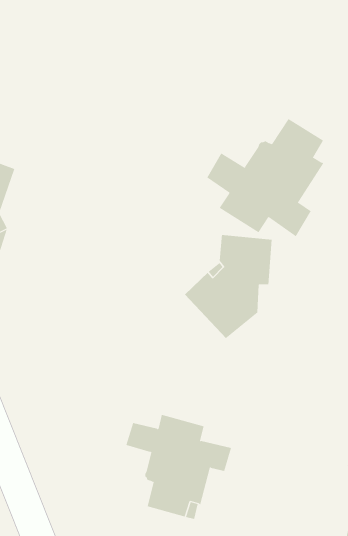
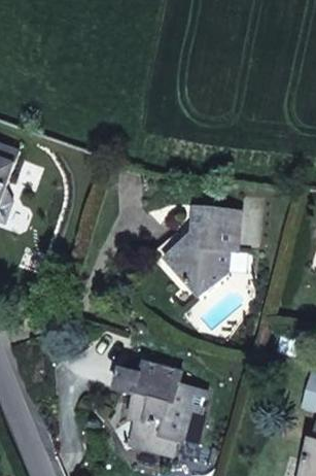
building: [207,118,324,237] -> none

